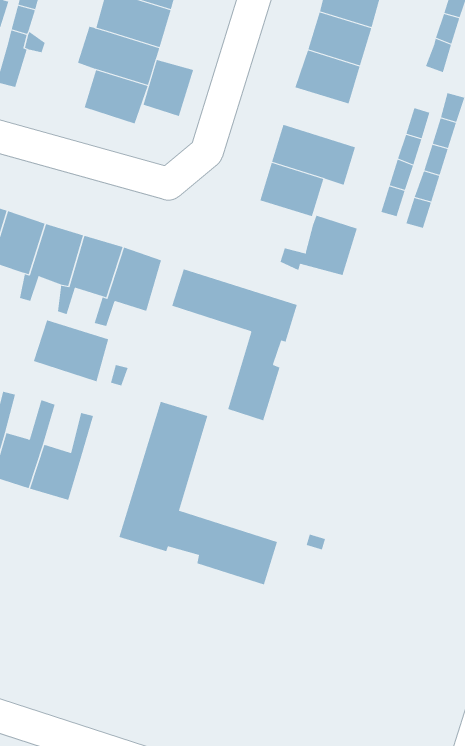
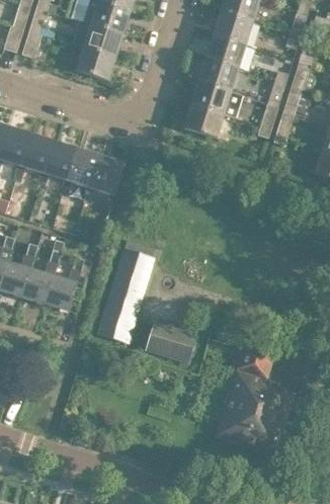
building: [143,59,194,117] -> none
building: none -> [198,58,239,90]
building: [280,215,358,276] -> none
building: [172,268,298,421] -> none
building: [33,319,109,382] -> none
building: none -> [216,346,294,453]

